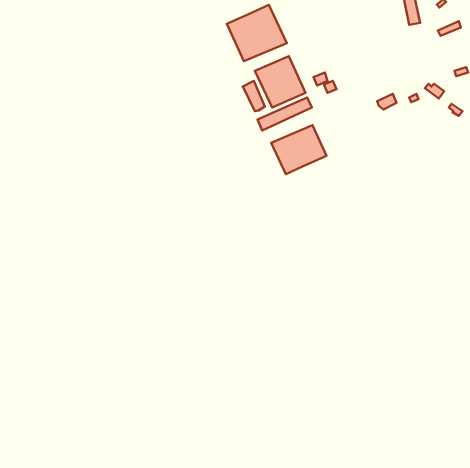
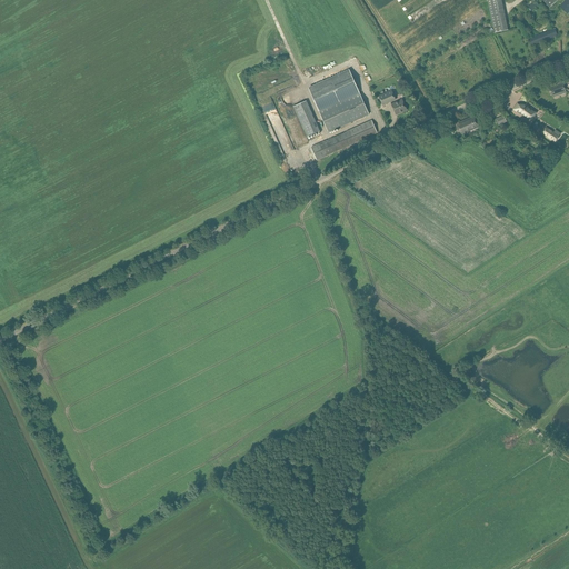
building: [227,5,287,61] -> none
building: [271,125,327,174] -> none

